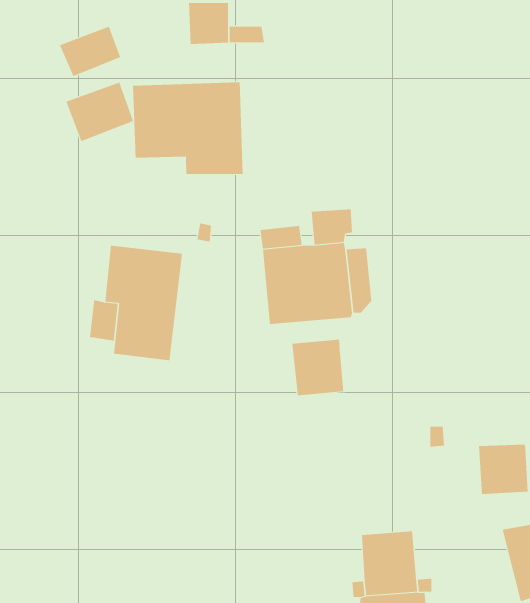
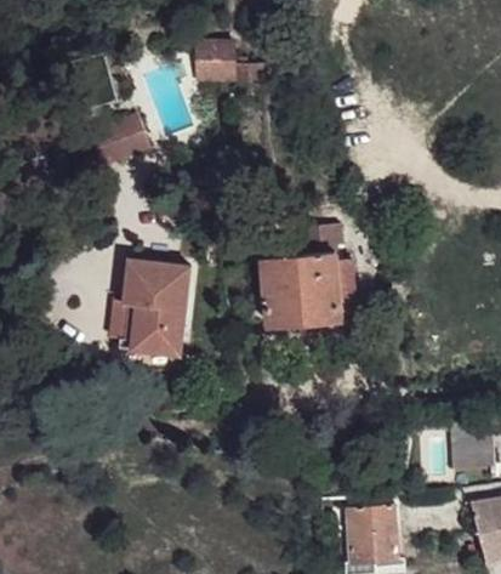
building: [59,26,121,77] -> none
building: [133,81,243,175] -> none
building: [292,339,344,396] -> none

